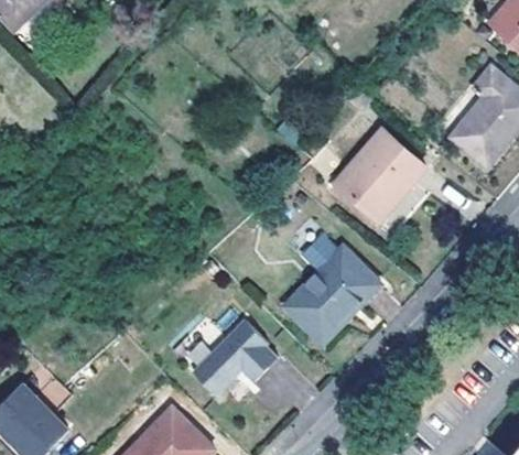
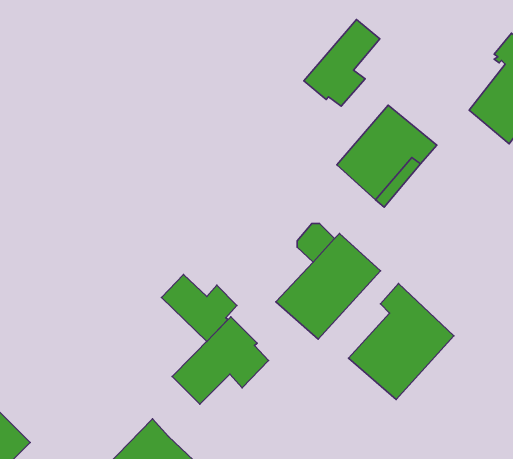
building: none -> [304,19,380,106]
building: none -> [162,274,237,342]
building: none -> [348,284,454,399]

